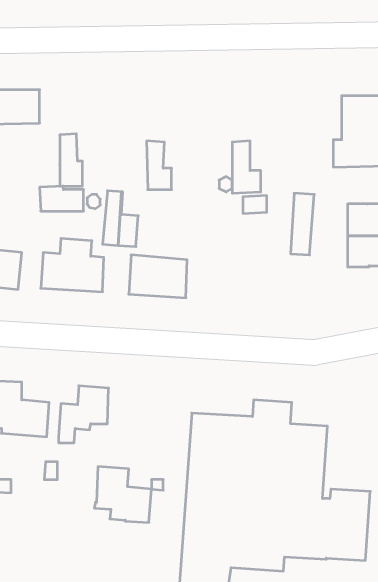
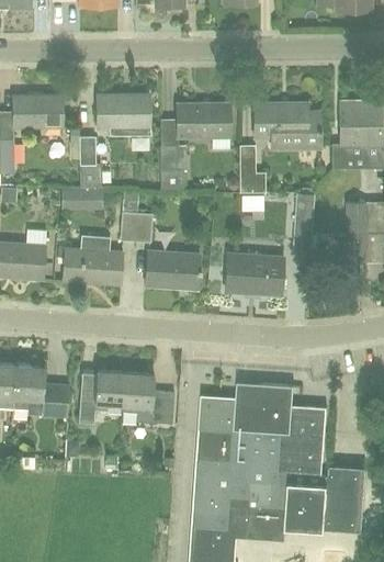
building: none -> [97,94,149,135]
building: none -> [255,102,319,148]
building: none -> [176,104,229,137]
building: none -> [224,252,282,295]
building: [94,467,151,522] -> [122,372,174,424]

